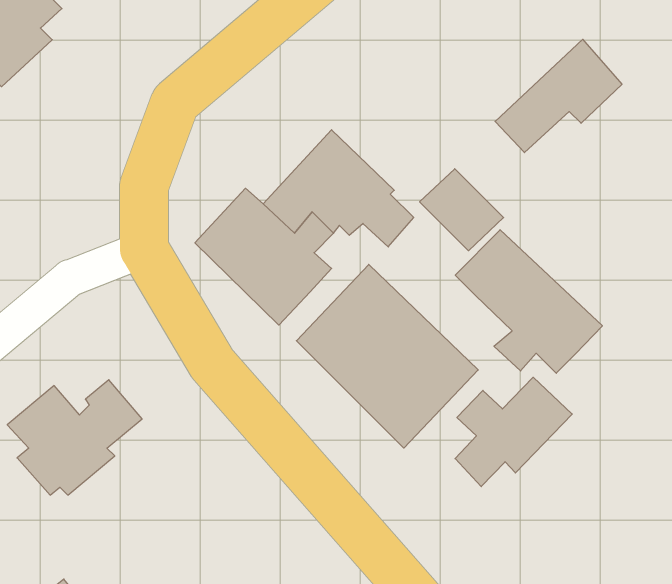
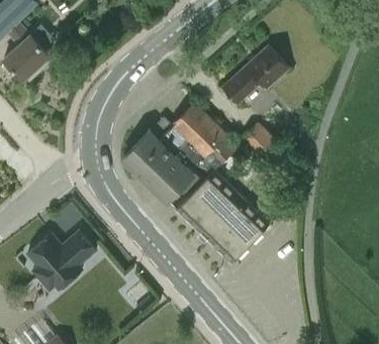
building: [495,39,622,153] -> [222,44,288,103]
building: [455,230,602,373] -> none
building: [455,377,572,487] -> none

